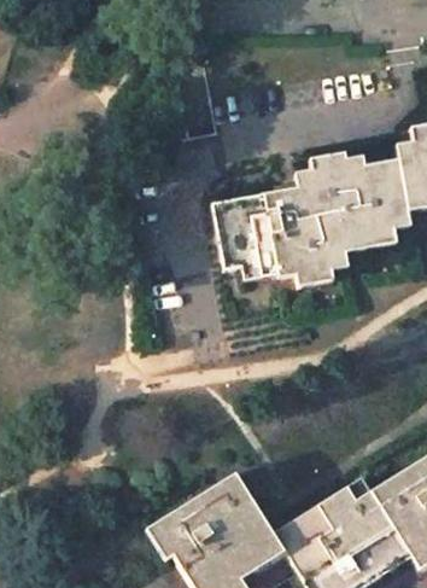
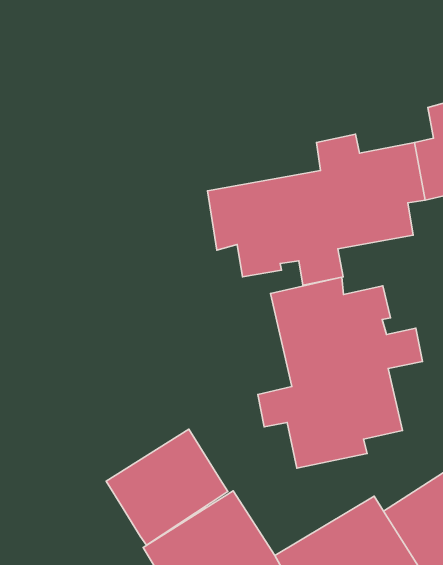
building: none -> [258,277,423,468]
building: none -> [106,429,228,545]

